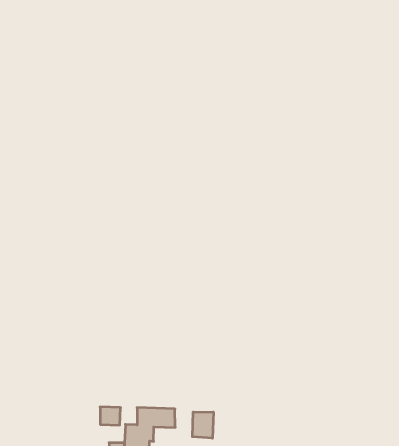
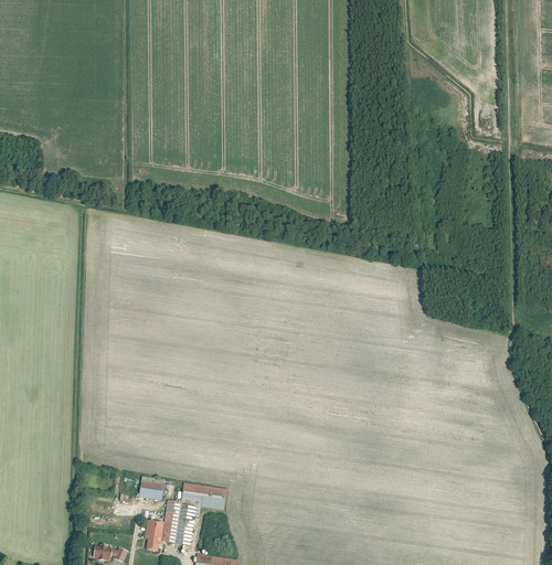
building: [192,412,213,438] -> none

